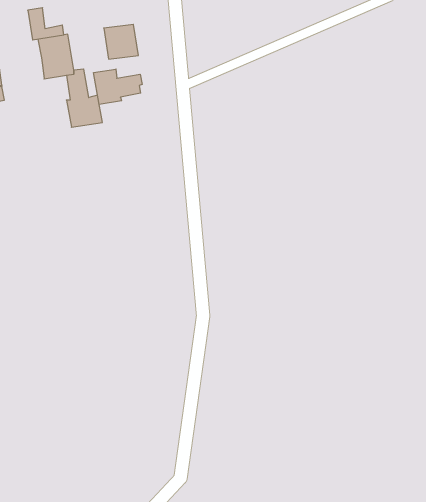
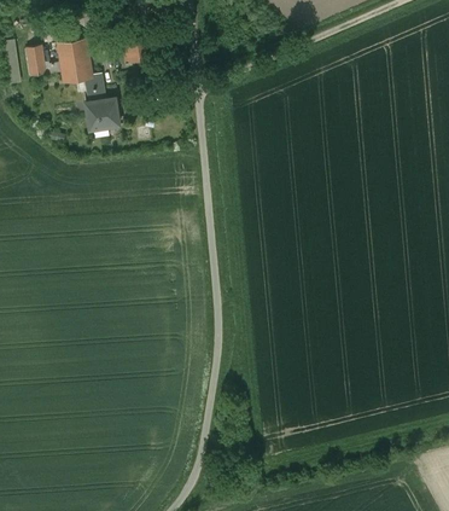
building: [28,8,64,40] -> [27,46,62,77]
building: [94,69,142,104] -> none

